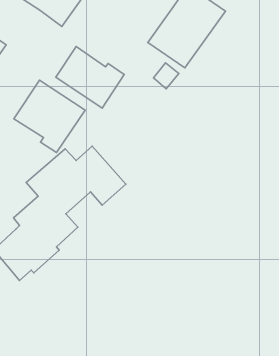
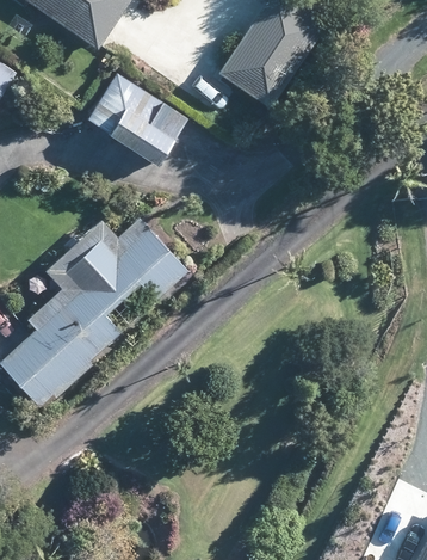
building: [14,80,85,152] -> none

